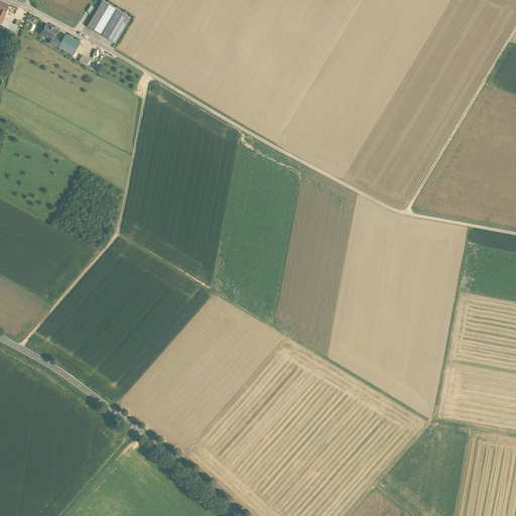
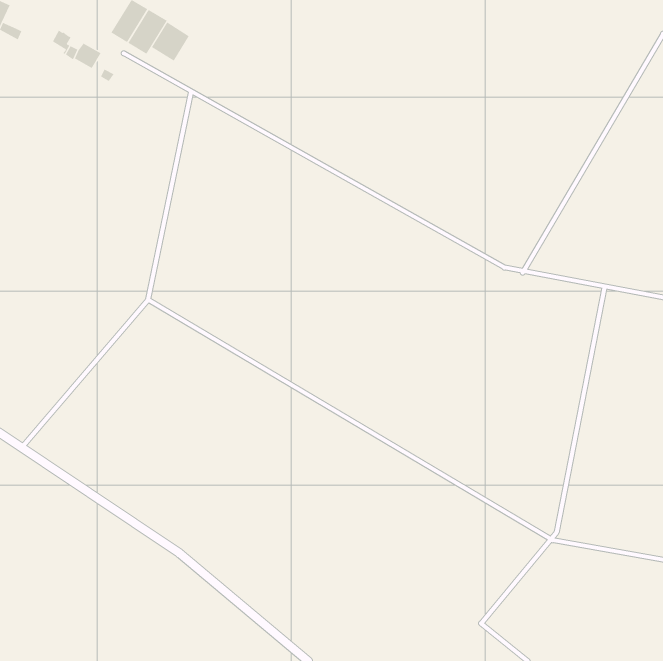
building: none -> [151,22,190,62]

